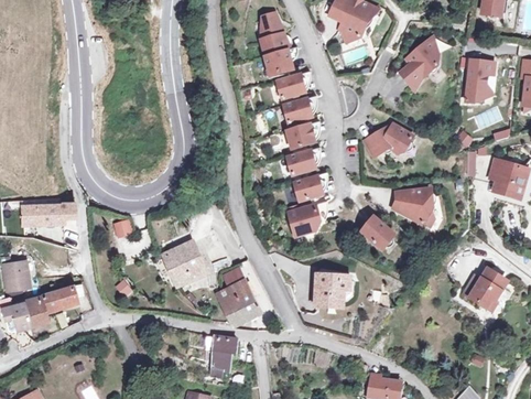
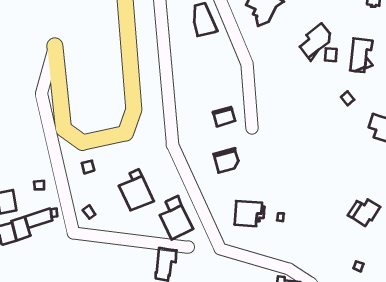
building: [266,51,293,76] -> none
building: [277,74,305,99] -> none
building: [283,99,312,123] -> none
building: [365,123,413,155] -> none
building: [286,125,315,149] -> none
building: [293,177,323,201] -> none
building: [395,187,431,224] -> none
building: [21,199,74,224] -> none
building: [360,216,394,249] -> none

